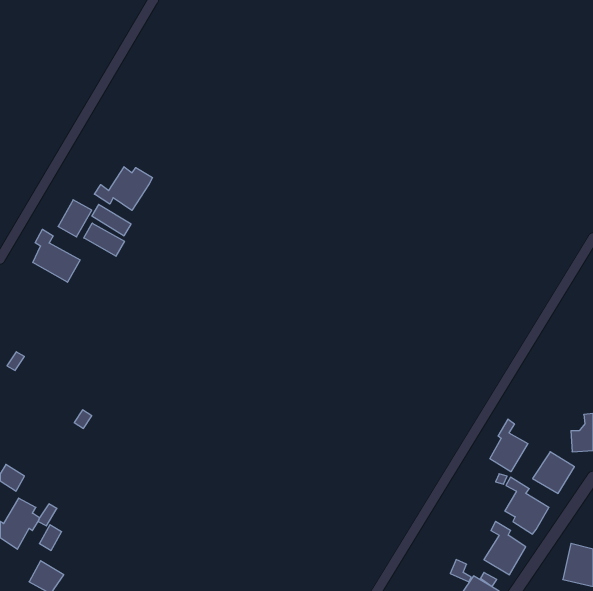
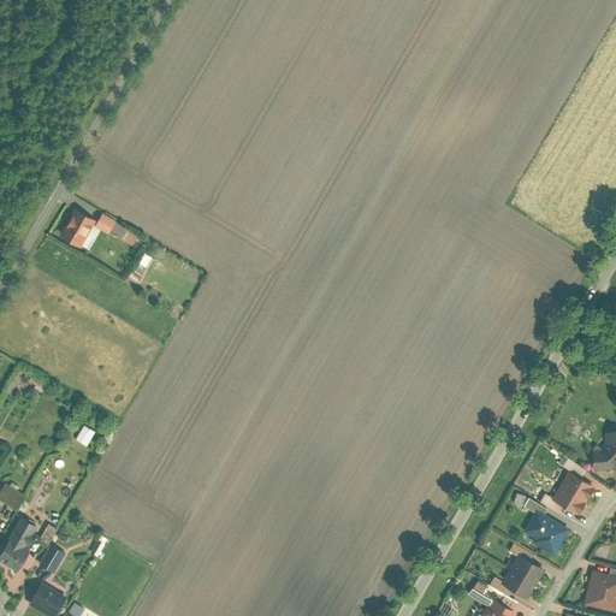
building: [94,167,152,210] -> none
building: [84,223,124,256] -> none
building: [33,229,80,282] -> none
building: [490,419,528,472] -> none

